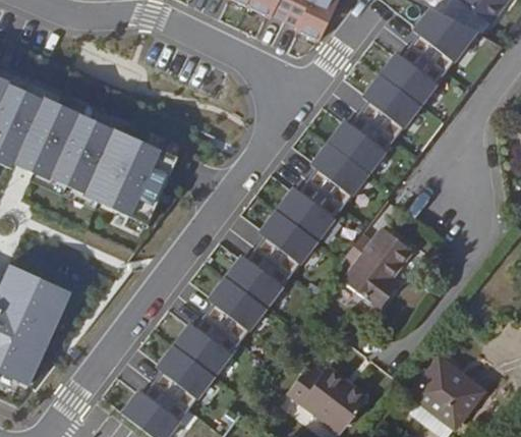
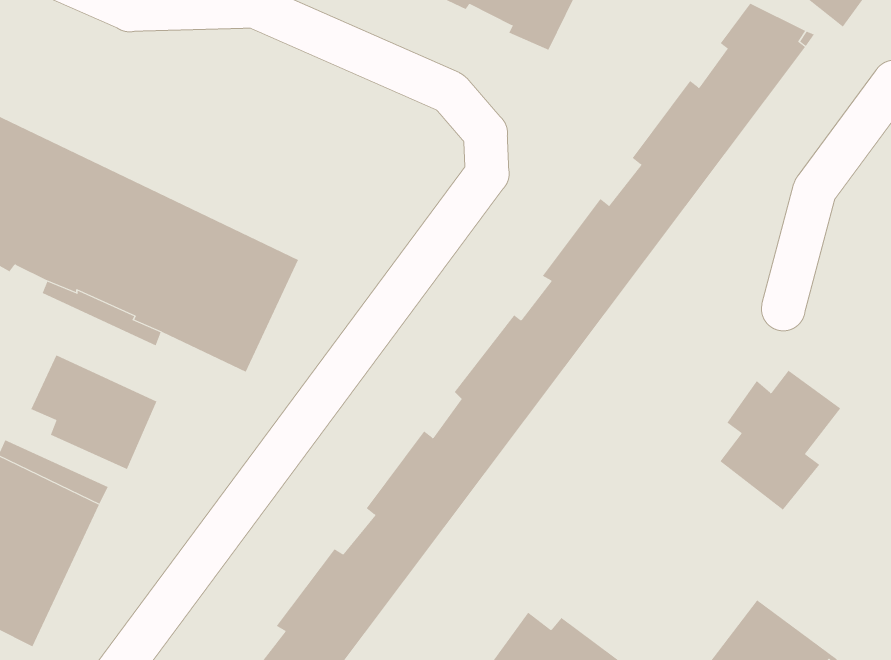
building: none -> [30,355,157,470]
building: [342,227,412,309] -> [720,370,841,511]

